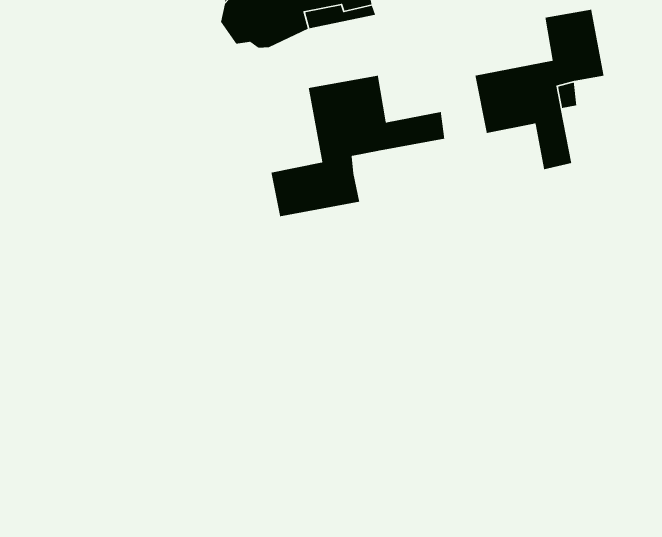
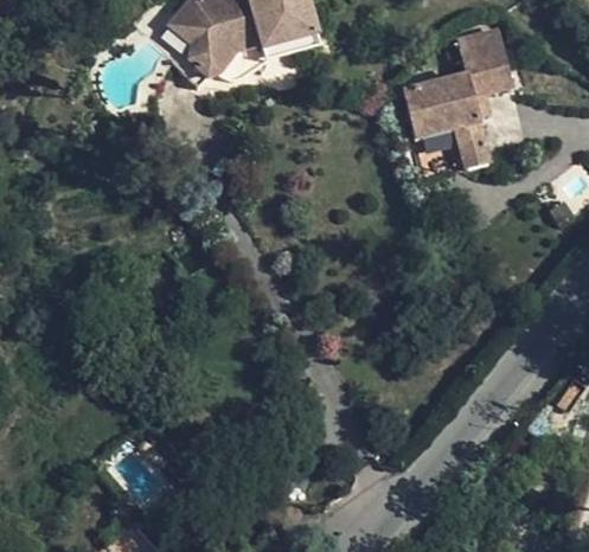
building: [270,75,445,217] -> none

